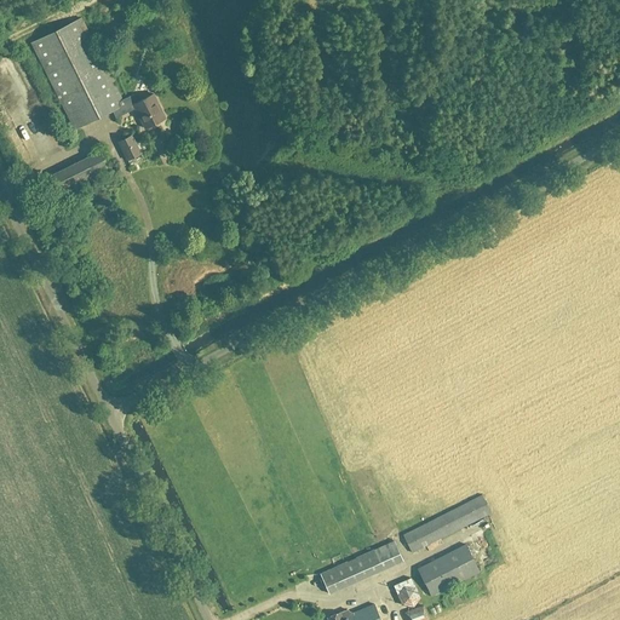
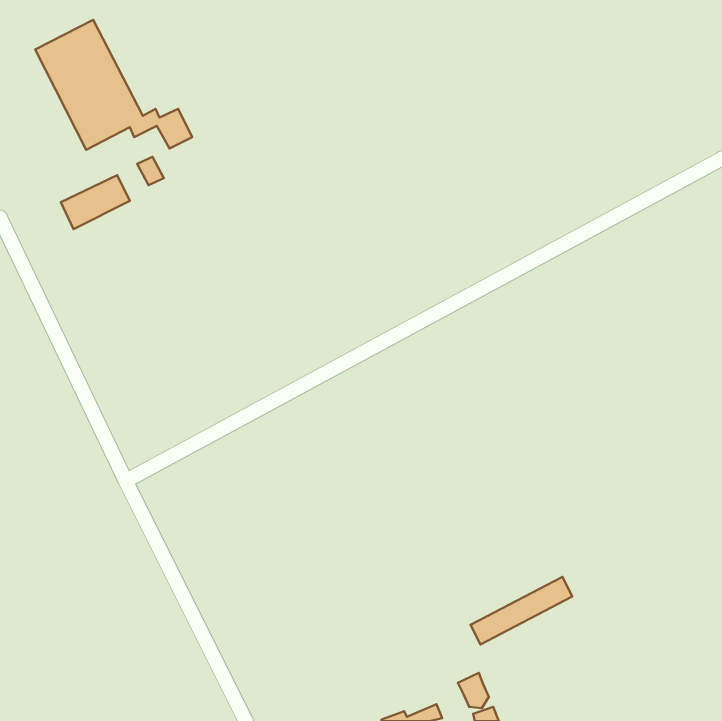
building: [320,540,403,593] -> none
building: [417,544,478,595] -> none

